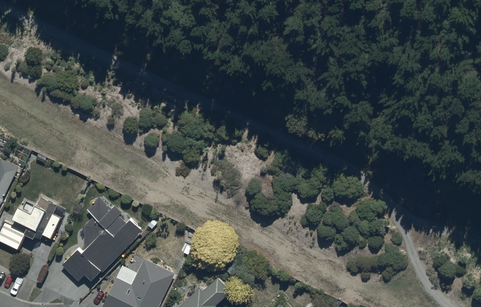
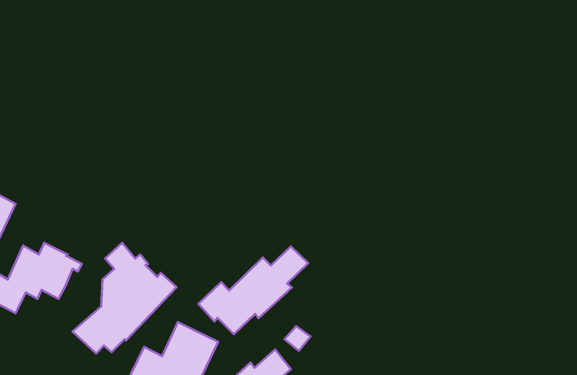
building: none -> [198,247,308,334]

